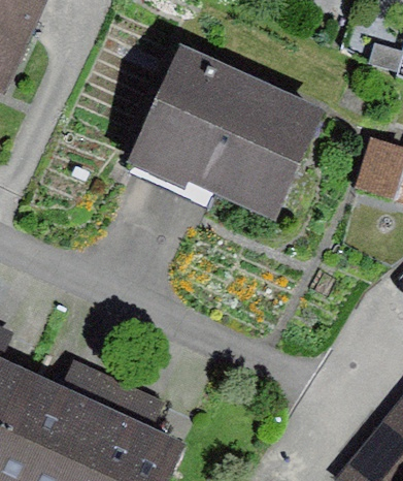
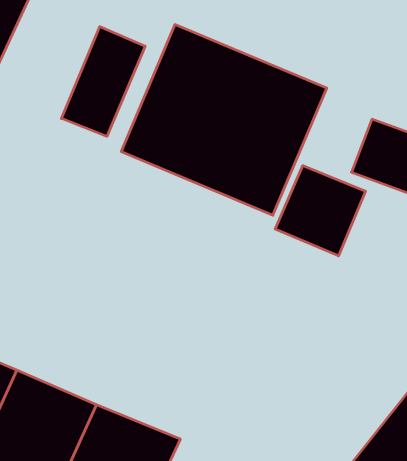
building: none -> [61,27,145,136]
building: none -> [275,166,365,256]

